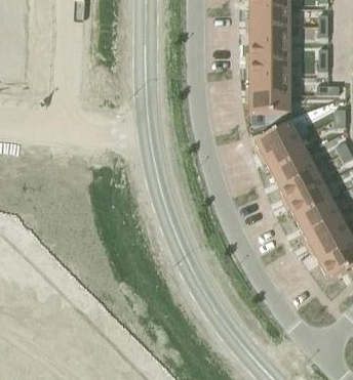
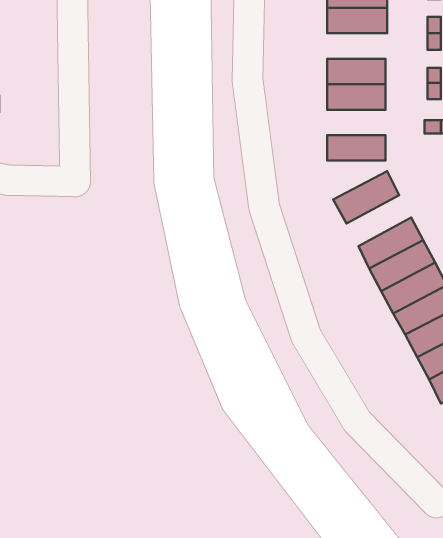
building: [249,24,290,41] -> none
building: [249,76,289,93] -> none
building: [263,134,307,169] -> none

